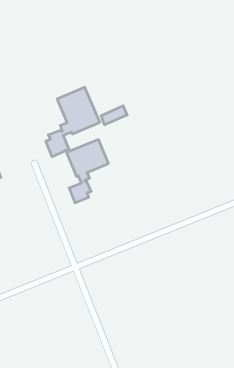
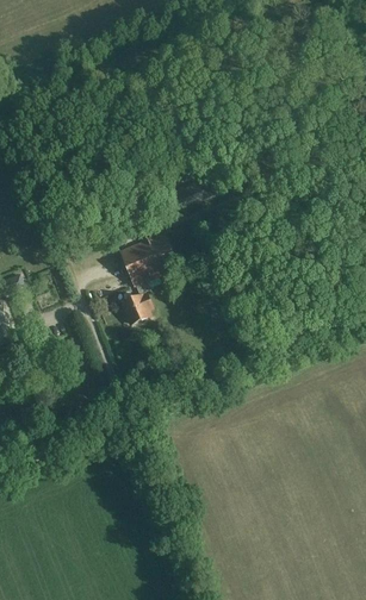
building: [46,87,100,157] -> none

